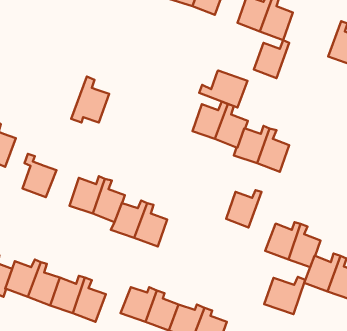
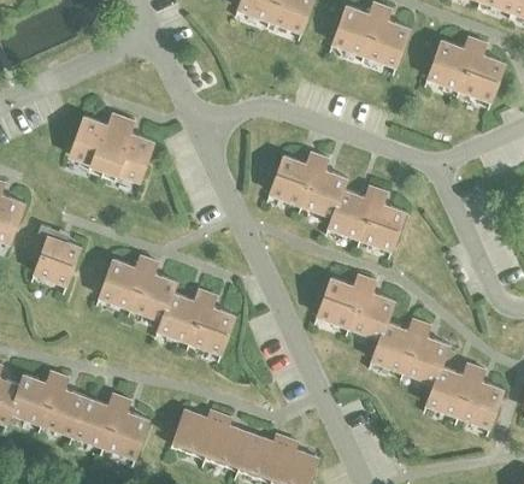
building: [254,40,289,78] -> [428,37,477,90]
building: [199,70,248,107] -> none
building: none -> [69,114,123,177]
building: none -> [348,278,394,338]
building: [264,277,305,314] -> none

